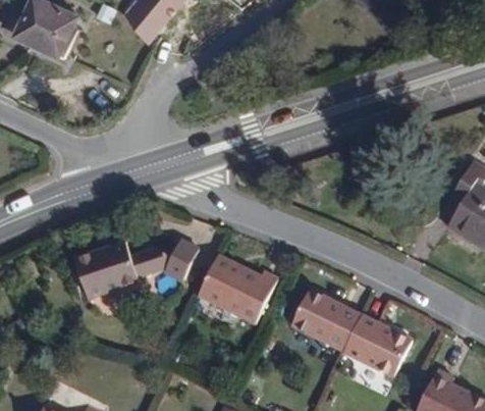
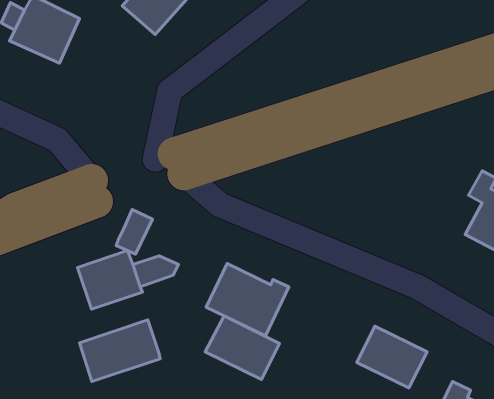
building: [166,238,201,280] -> [116,209,152,254]
building: [290,289,362,350] -> [205,316,279,380]
building: none -> [79,320,160,382]

